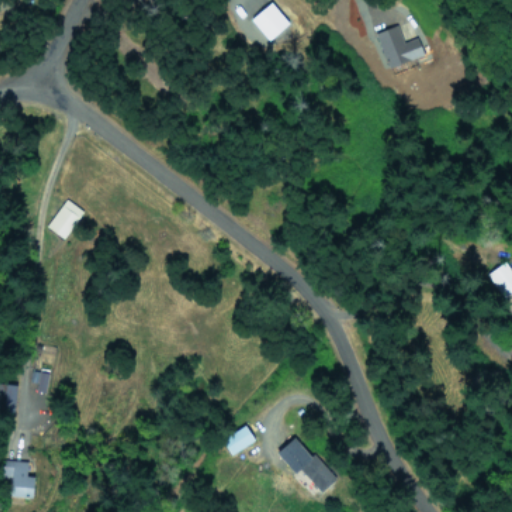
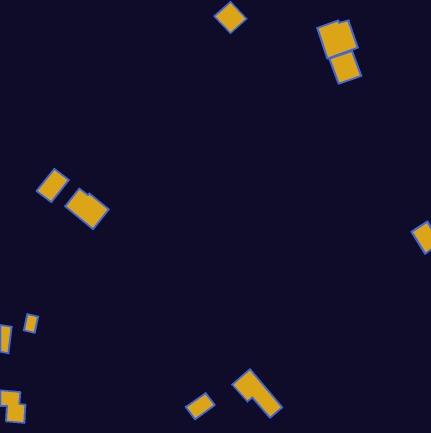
building: none -> [329,51,361,84]
building: none -> [65,189,109,229]
building: [222,426,256,457] -> [186,393,215,419]

